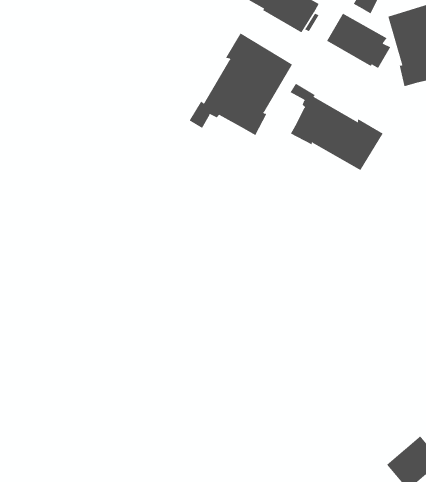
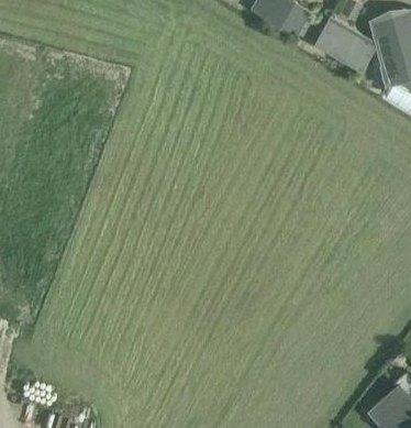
building: [189,32,293,136] -> none
building: [290,83,383,171] -> none

